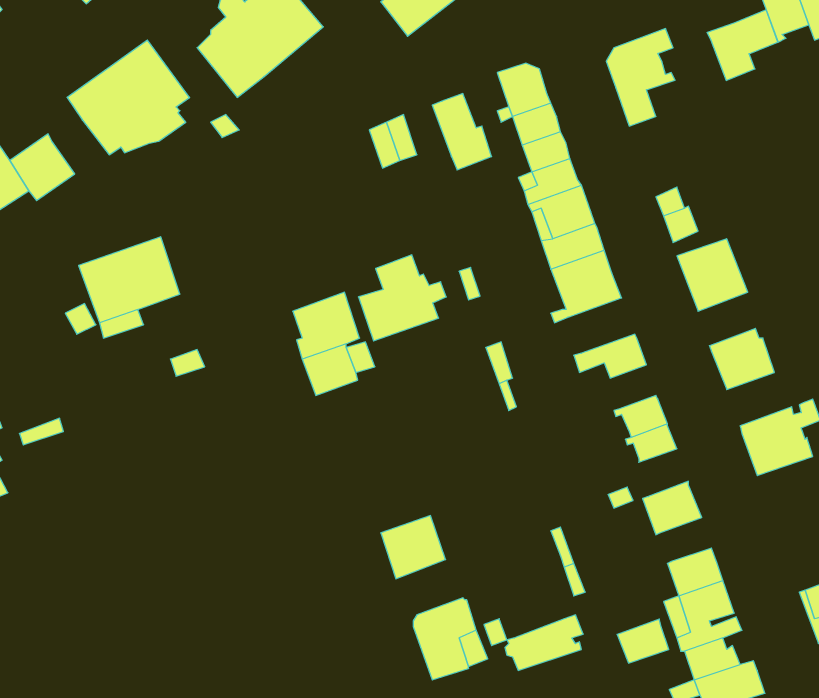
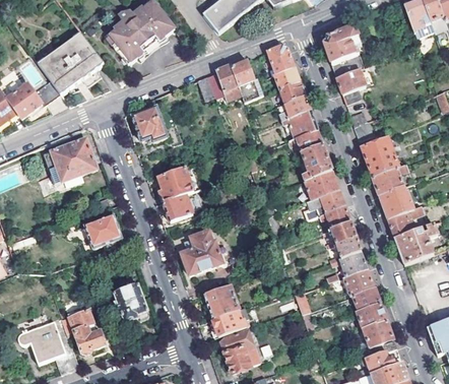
building: [707,10,778,80] -> [336,65,374,103]
building: none -> [215,63,242,100]
building: none -> [29,74,60,105]
building: none -> [132,106,168,141]
building: [358,255,446,341] -> [181,229,228,274]
building: none -> [373,163,409,194]
building: none -> [304,169,339,198]
building: none -> [319,204,350,228]
building: none -> [388,205,429,237]
building: none -> [84,214,122,248]
building: none -> [340,249,368,274]
building: none -> [114,283,148,324]
building: none -> [68,308,106,353]
building: none -> [16,321,78,372]
building: [505,615,583,670] -> [207,306,249,335]
building: [617,619,669,663] -> [352,285,380,309]

